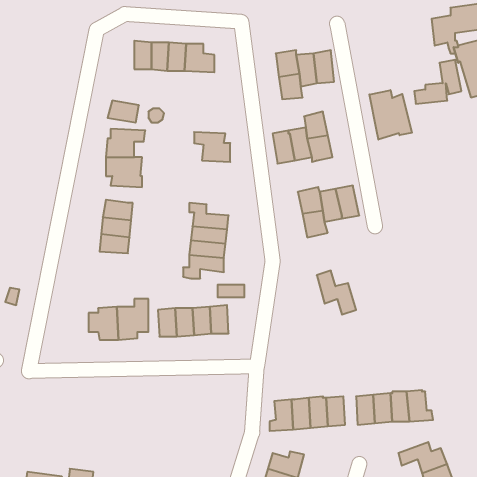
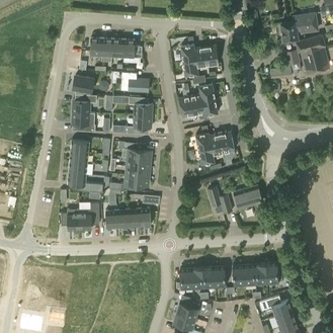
building: [369,90,412,140] -> none
building: none -> [120,72,149,91]
building: none -> [112,114,152,134]
building: none -> [67,173,103,192]
building: none -> [234,186,262,209]

